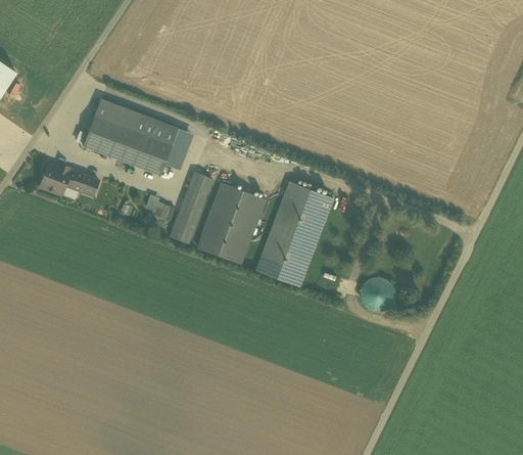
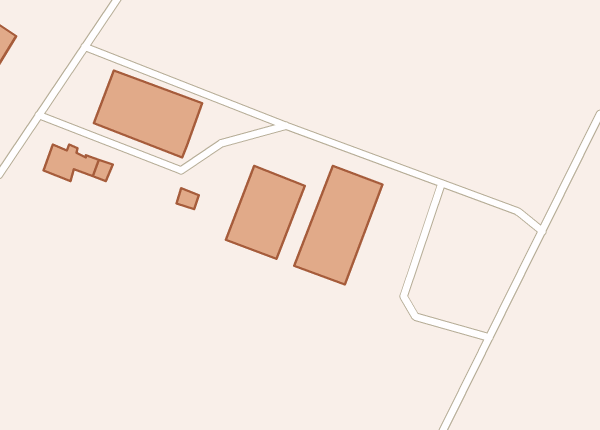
building: [162,128,192,170] -> none
building: [169,172,211,243] -> none
building: [360,277,394,312] -> none

